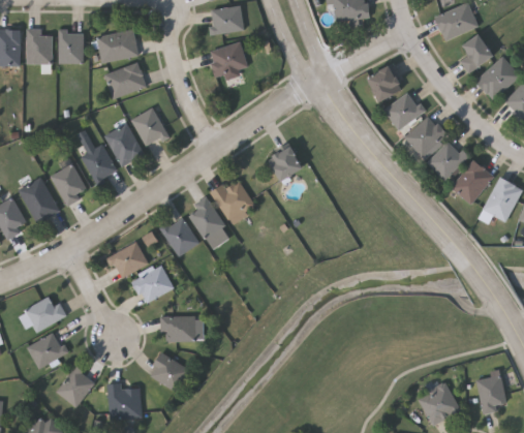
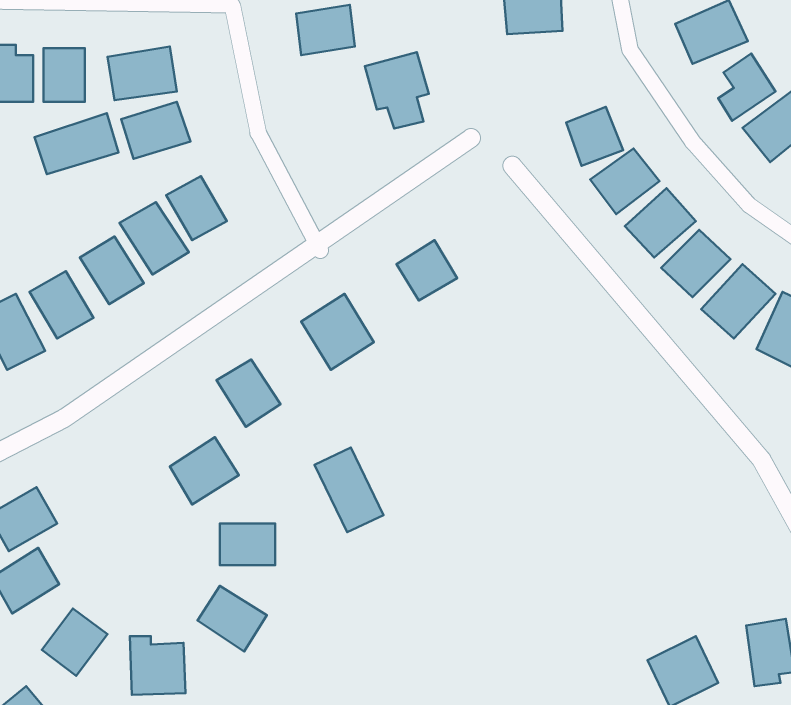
building: [208,42,246,88] -> [365,52,429,128]
building: none -> [35,113,118,174]
building: [187,198,228,249] -> [314,448,384,532]
building: [107,242,148,279] -> none

